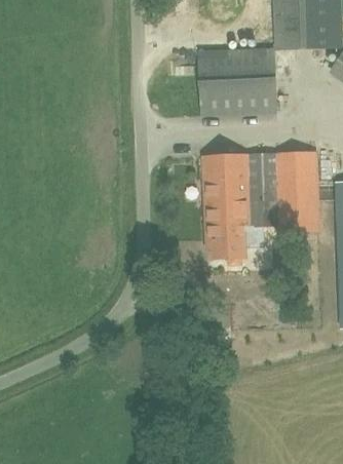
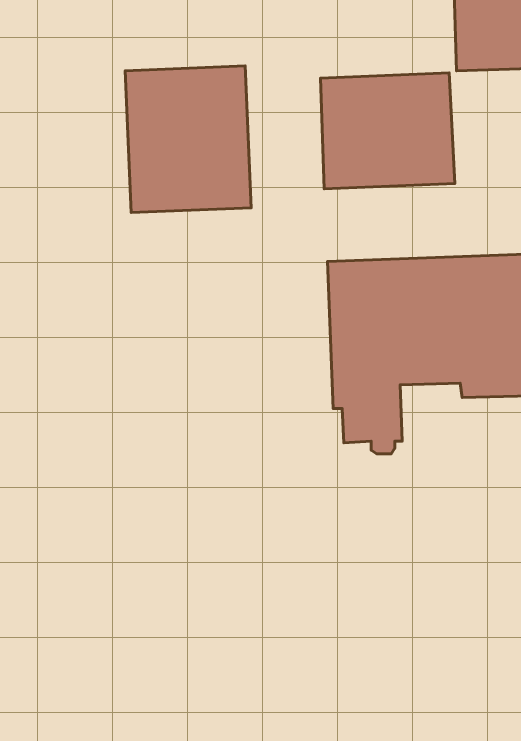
building: none -> [125,66,251,212]

